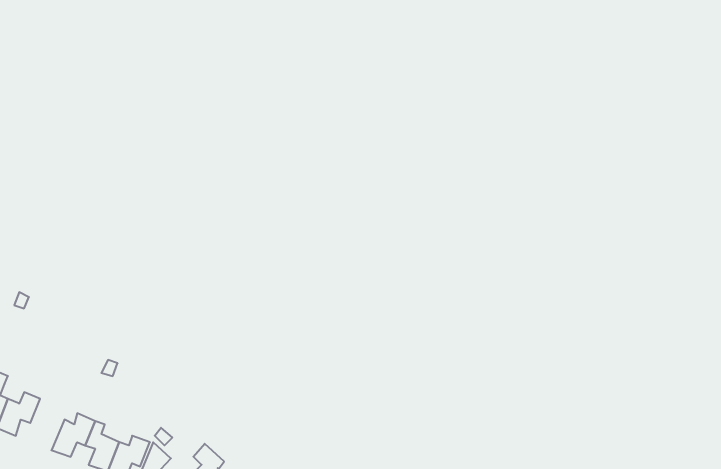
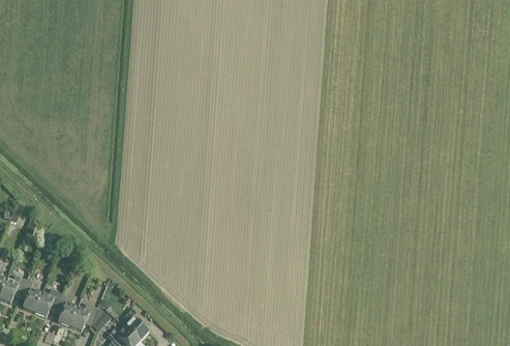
building: none -> [20,280,41,313]

